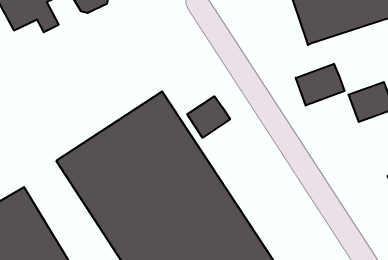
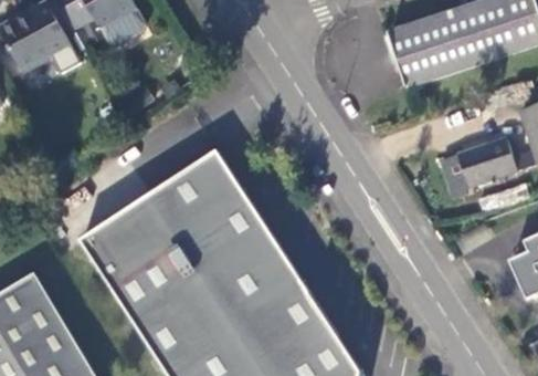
building: [296,64,345,106] -> none
building: [187,96,230,138] -> none

